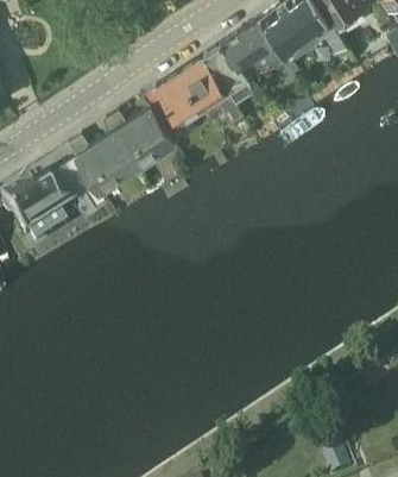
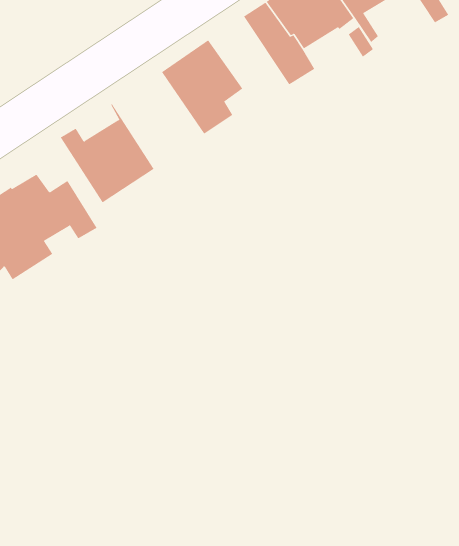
building: [179,51,242,113] -> none
building: [109,102,176,162] -> none

